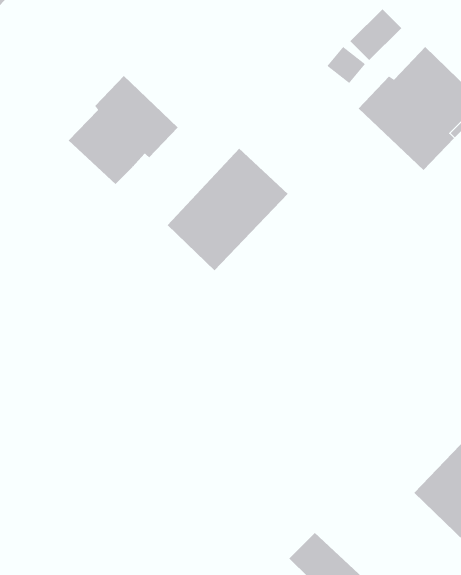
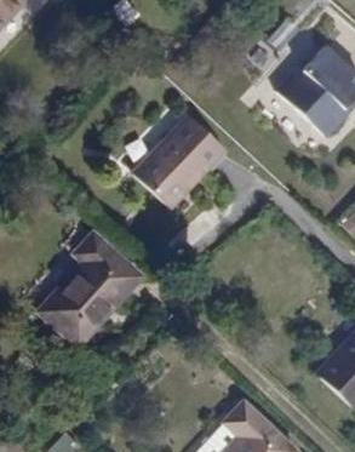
building: [68,75,179,185] -> none
building: none -> [39,231,141,345]

